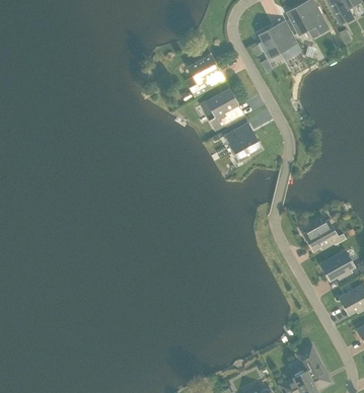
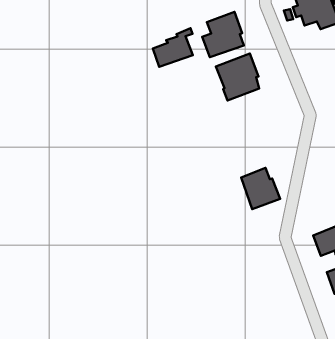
building: none -> [153,28,193,67]
building: [225,124,261,160] -> [241,168,280,209]

